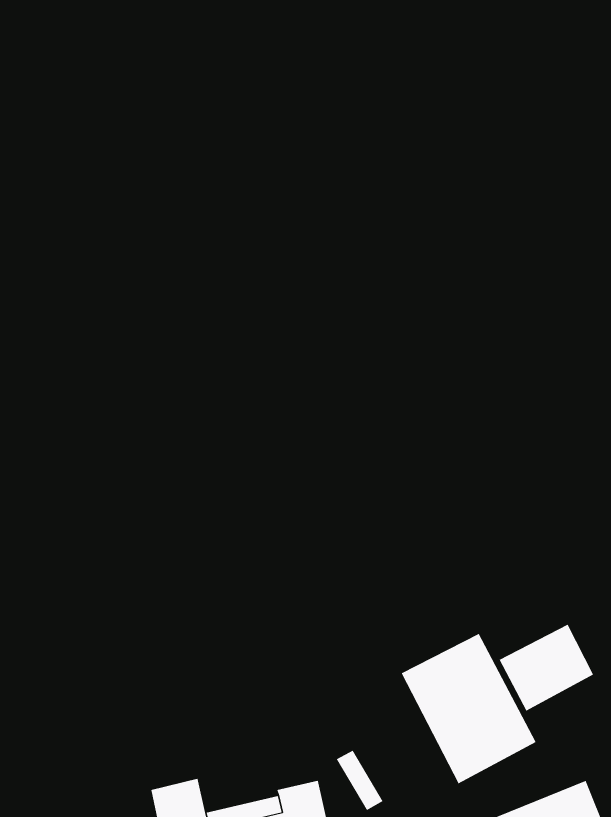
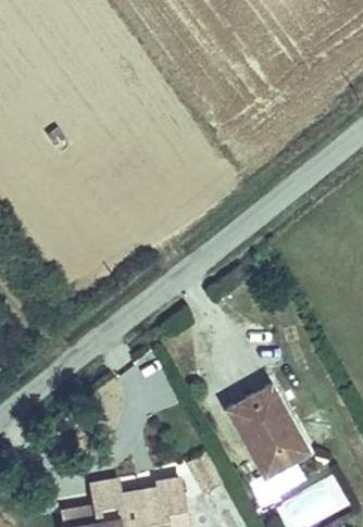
building: [499,624,594,712] -> none

